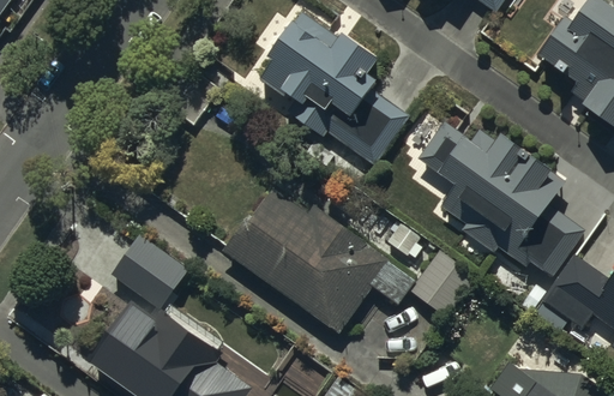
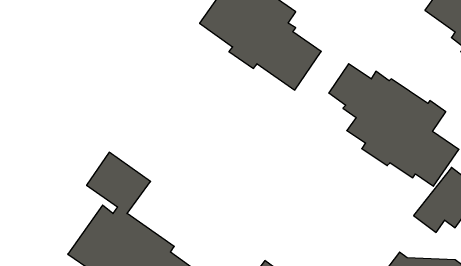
building: [225,187,477,335] -> none

